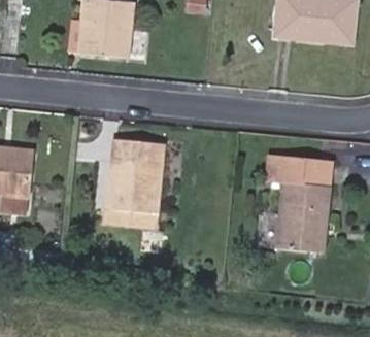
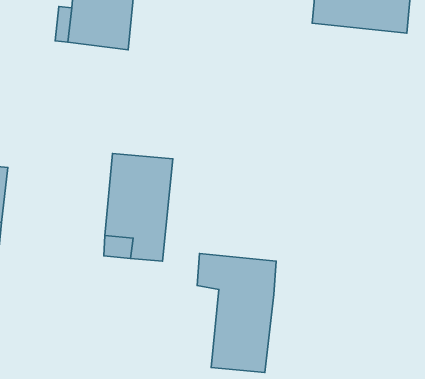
building: [267,154,331,249] -> [197,254,276,373]

